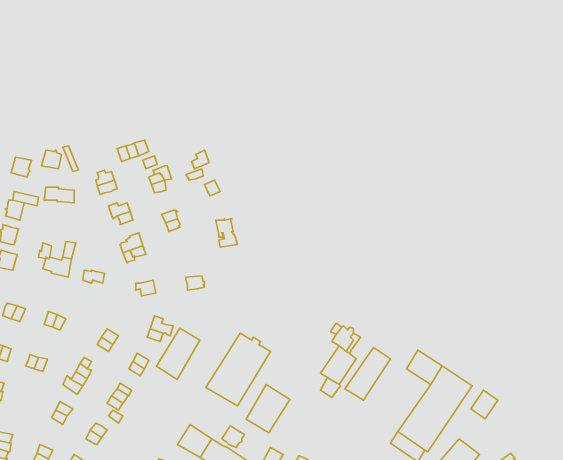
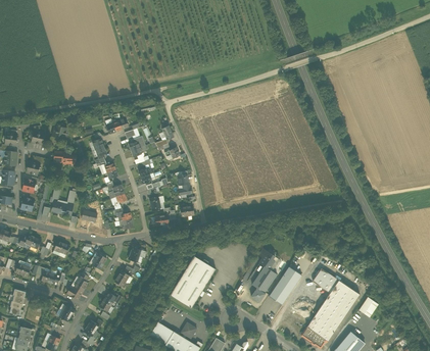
building: [156,328,200,380] -> none
building: [246,384,290,433] -> none

